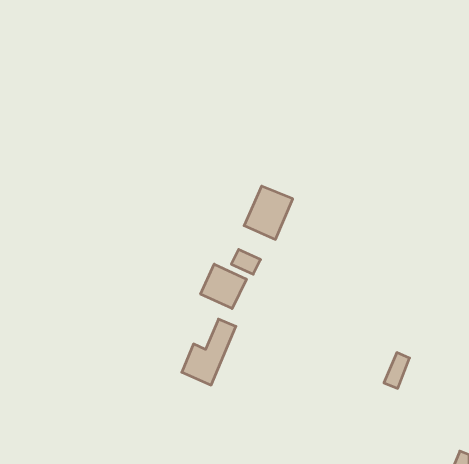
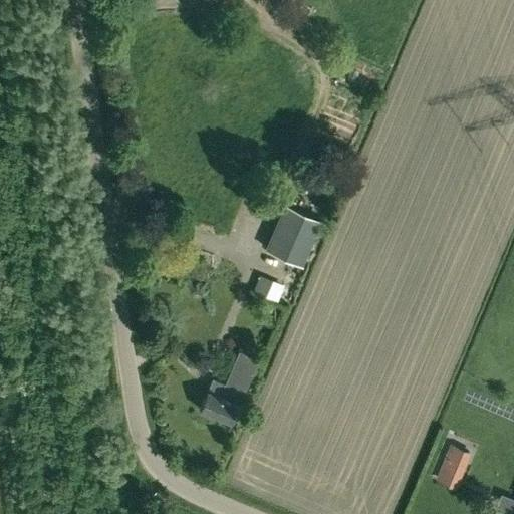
building: [201,264,246,309] -> none
building: [384,353,410,388] -> [441,450,469,489]

